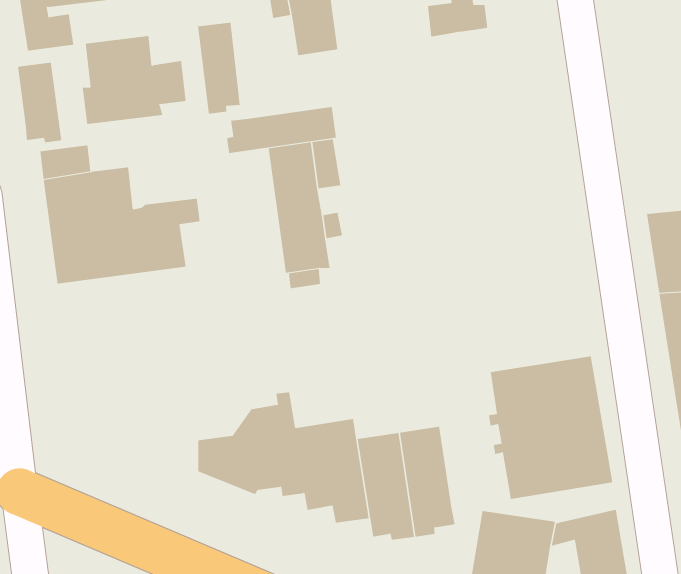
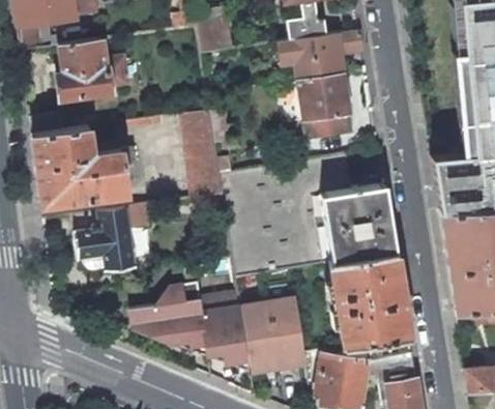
building: none -> [267,31,365,64]
building: [198,22,240,115] -> none
building: [17,62,62,143] -> none
building: none -> [284,74,353,141]
building: [227,106,337,154] -> none
building: none -> [322,184,397,263]
building: none -> [71,206,135,271]

